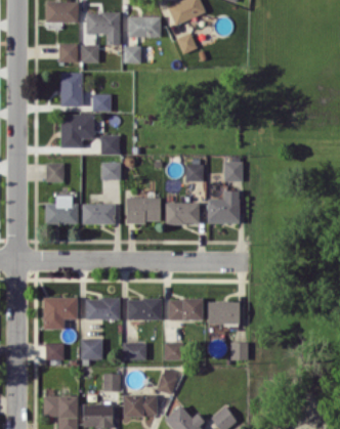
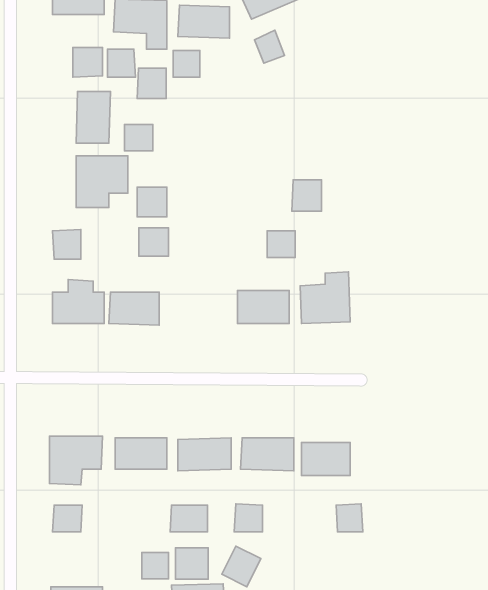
building: none -> [137,68,166,98]
building: [223,161,243,181] -> [292,180,321,211]
building: [126,198,160,223] -> none
building: [81,339,102,359] -> [175,548,208,579]

